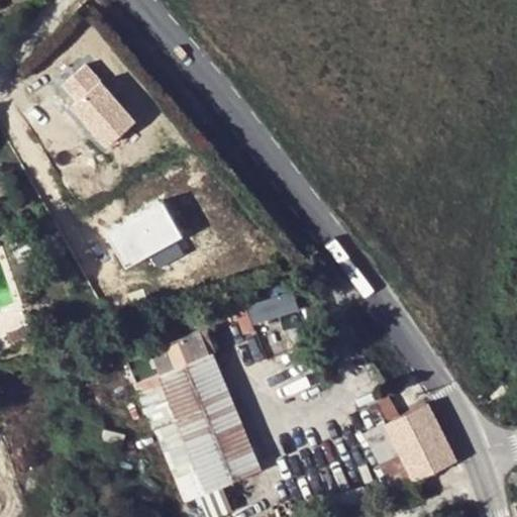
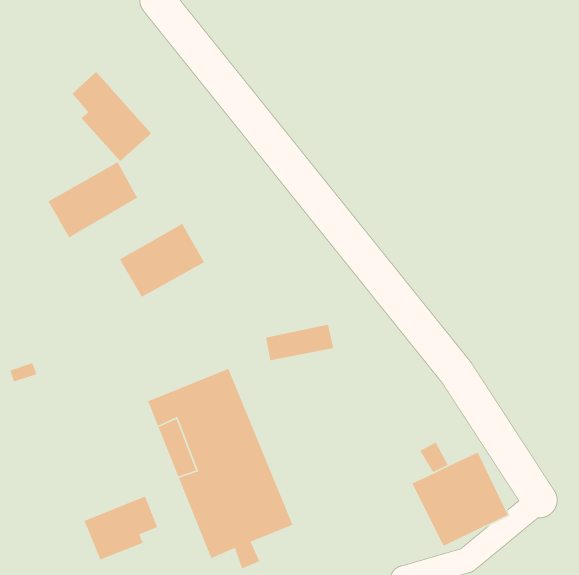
building: none -> [48,161,138,238]
building: none -> [84,496,158,561]

